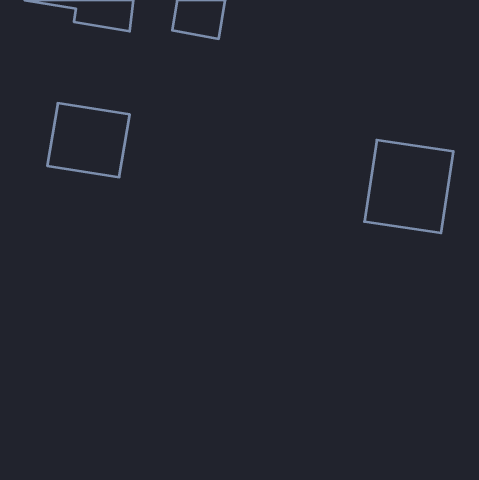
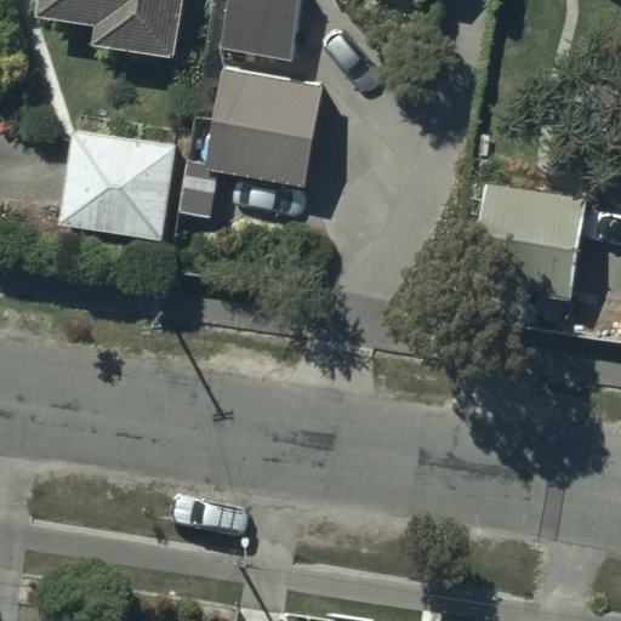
building: none -> [209,70,319,180]

